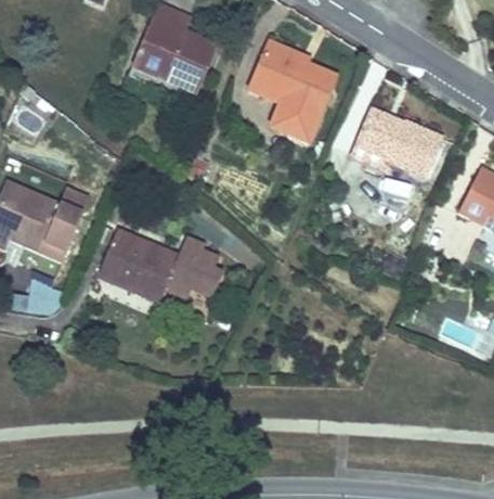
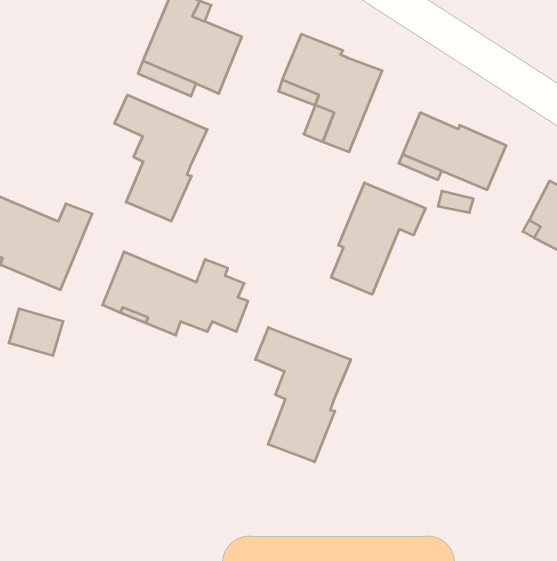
building: none -> [114,95,207,221]
building: none -> [331,183,426,294]
building: none -> [255,327,351,462]

